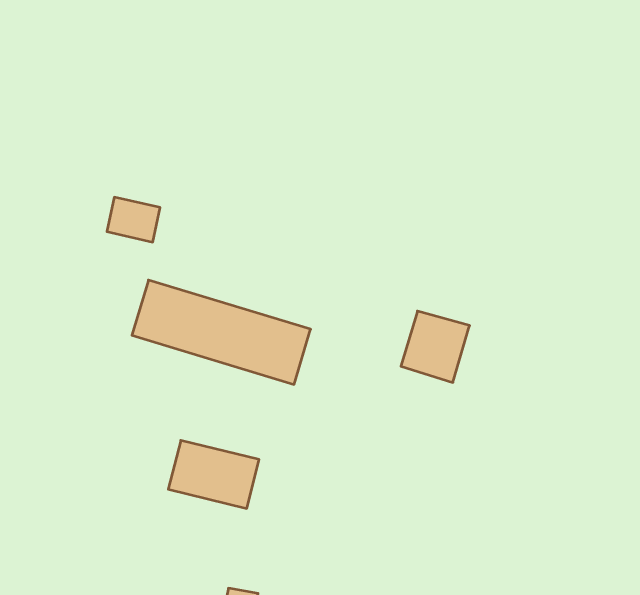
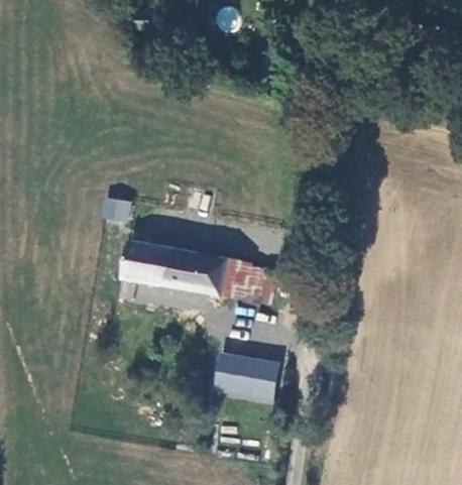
building: [401,311,470,382] -> [225,262,263,302]
building: [168,440,259,508] -> [223,360,275,396]

